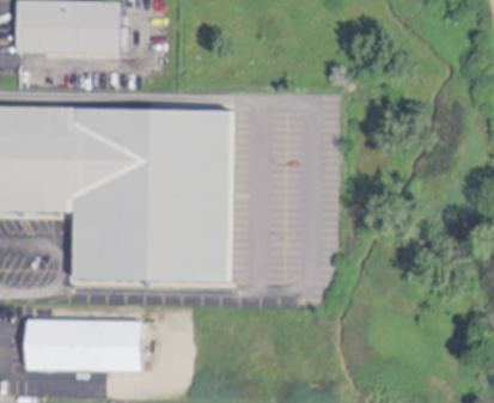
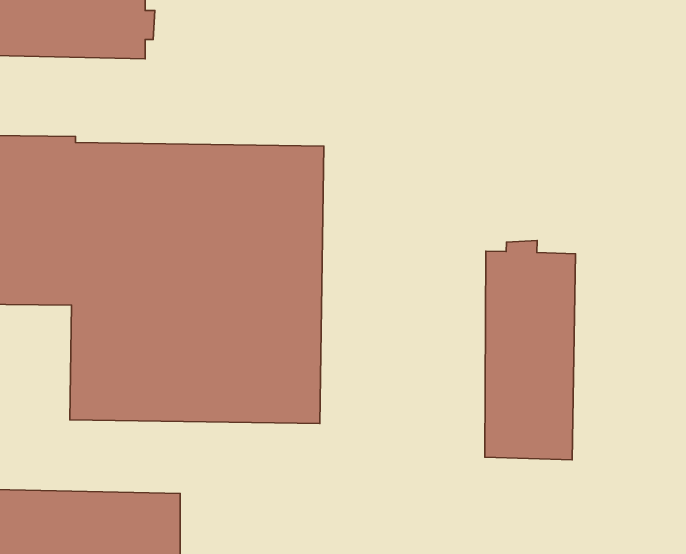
building: none -> [485,241,575,460]

